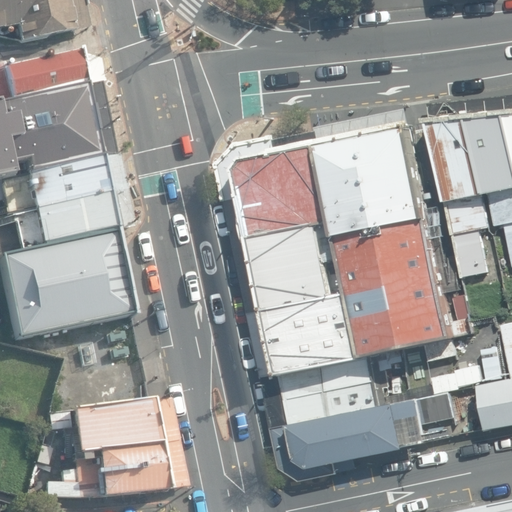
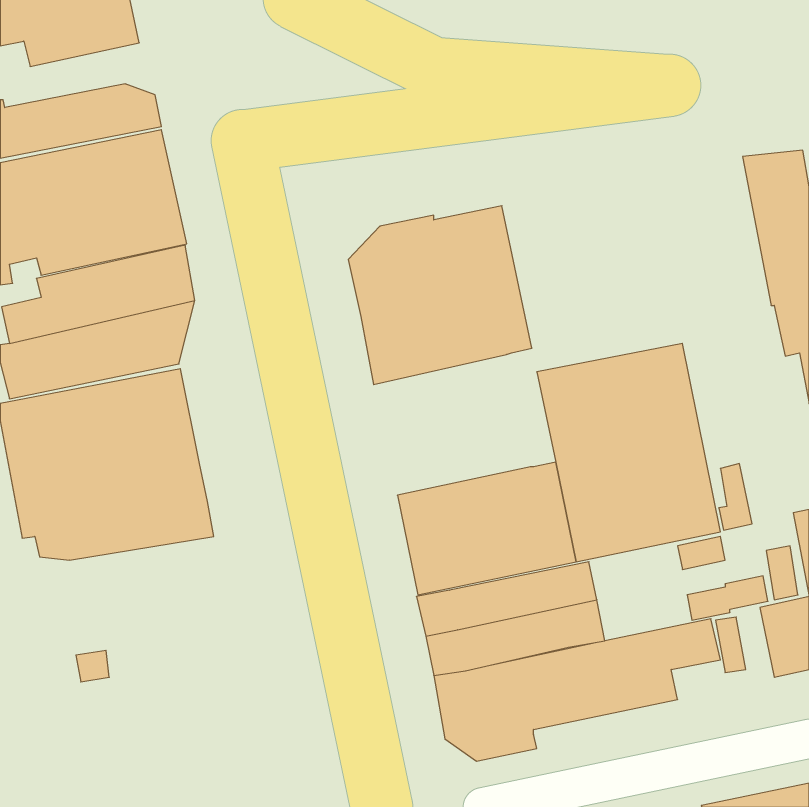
building: [429,99,490,276] -> none
building: [316,108,431,235] -> none
building: [236,224,335,313] -> none
building: [44,400,187,498] -> none

